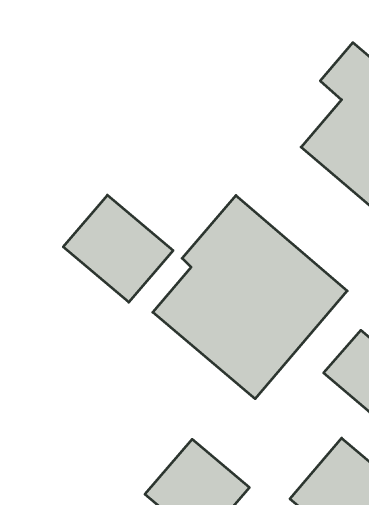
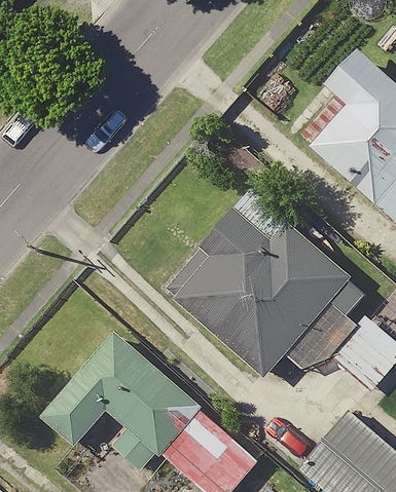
building: [63,195,173,302] -> none
building: none -> [42,333,205,459]

